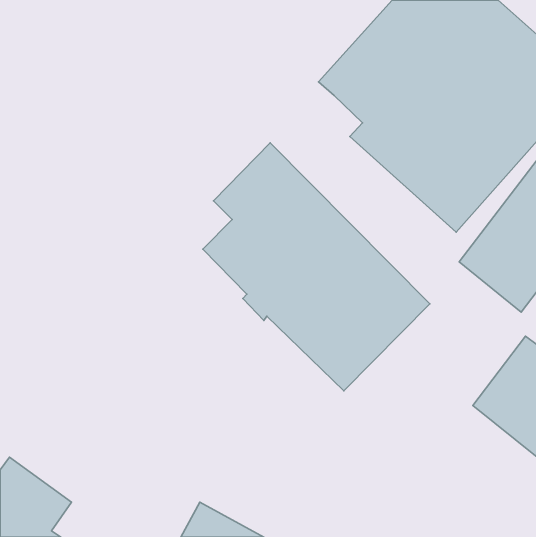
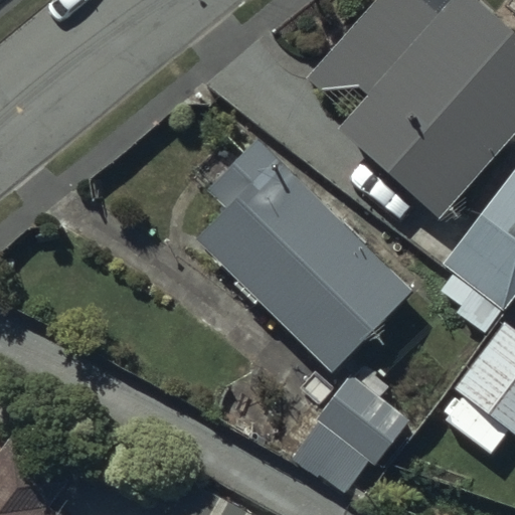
building: none -> [293,367,409,496]

